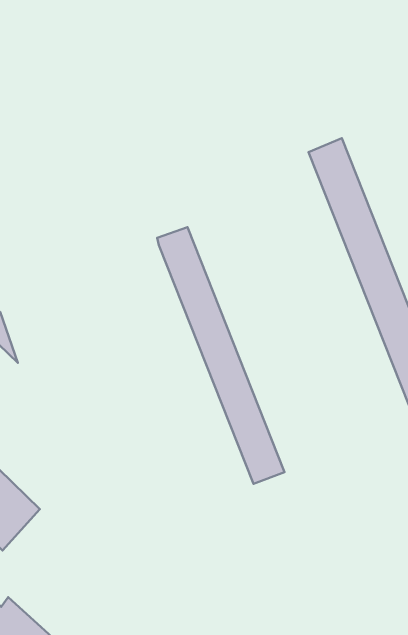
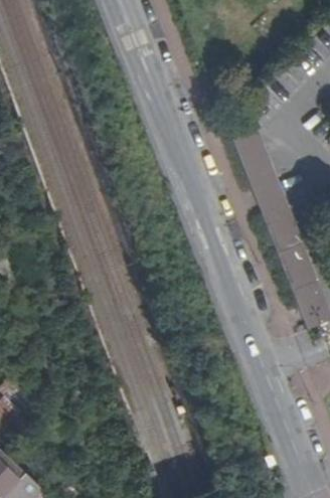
building: [157,227,285,484] -> none

